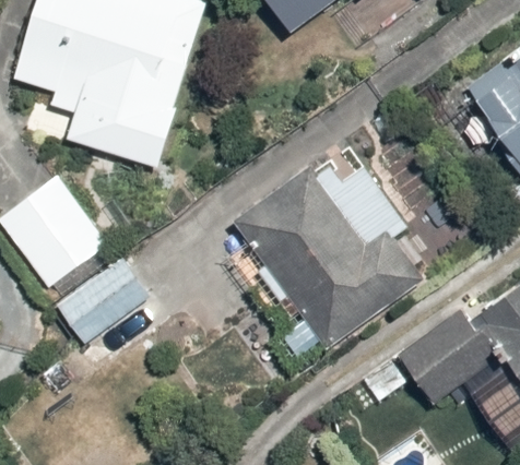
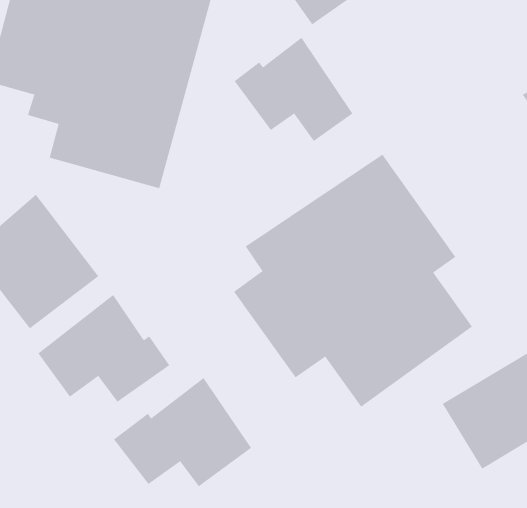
building: none -> [234,37,353,142]
building: none -> [113,377,252,487]

